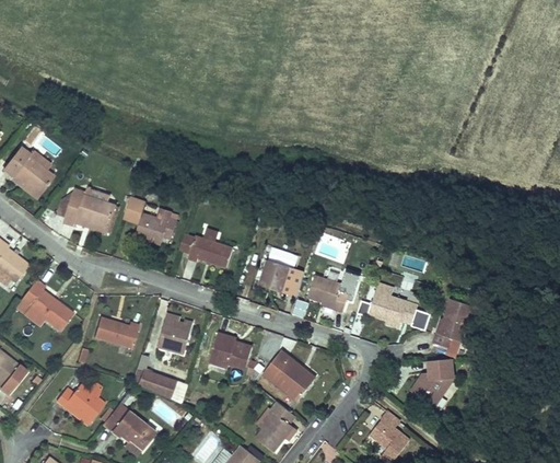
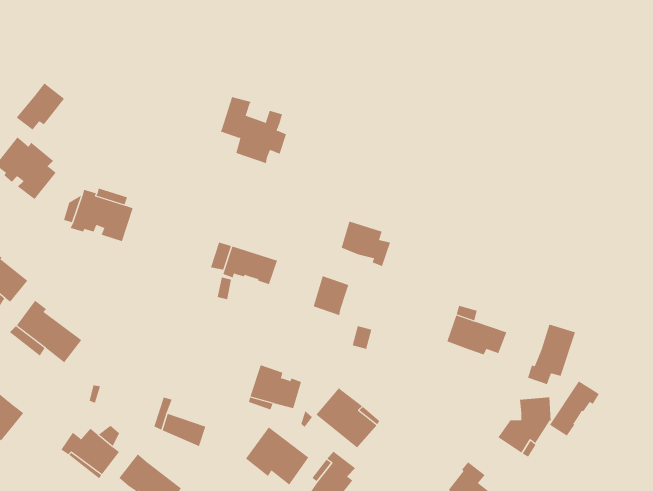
building: none -> [16,82,65,130]
building: [121,190,176,245] -> [219,97,287,164]
building: [308,275,349,312] -> [341,221,391,267]
building: [93,315,138,348] -> none
building: [156,317,192,354] -> none
building: none -> [549,380,600,437]
building: none -> [245,426,309,486]

